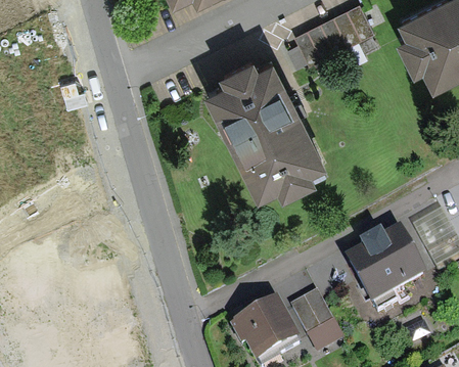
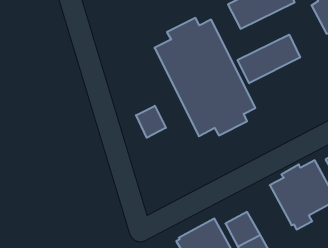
building: none -> [238,35,300,83]
building: none -> [136,106,166,138]

